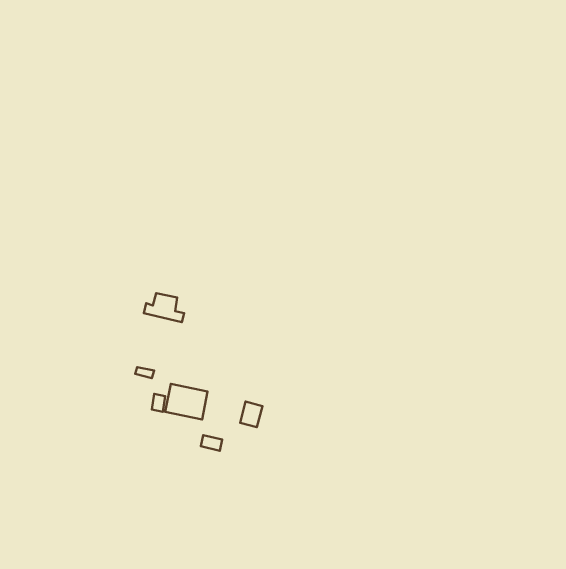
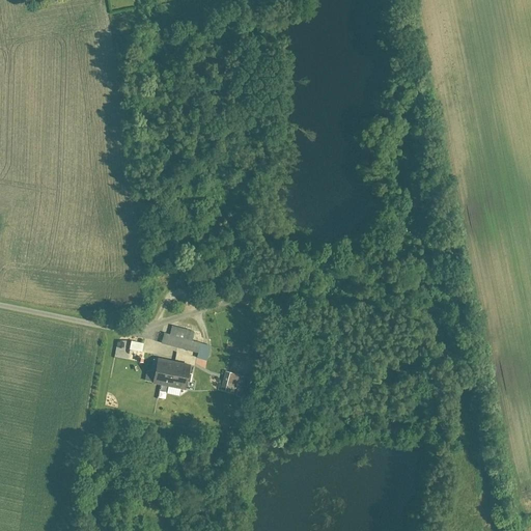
building: [144,293,184,322] -> [159,325,196,352]

